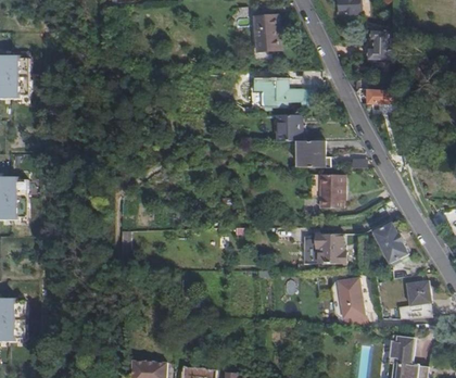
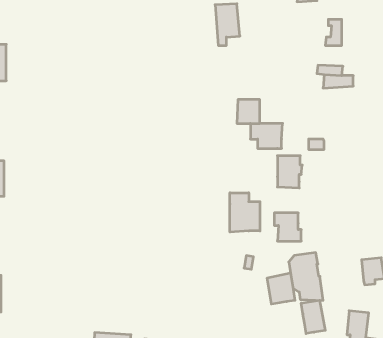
building: [252,78,311,105] -> none
building: none -> [230,193,260,232]
building: [369,221,405,263] -> none
building: none -> [267,273,295,304]
building: none -> [301,300,325,334]

